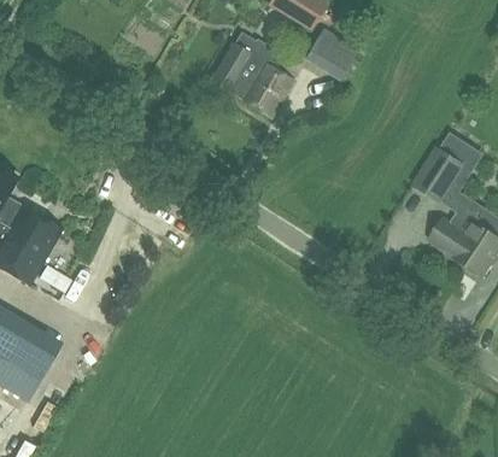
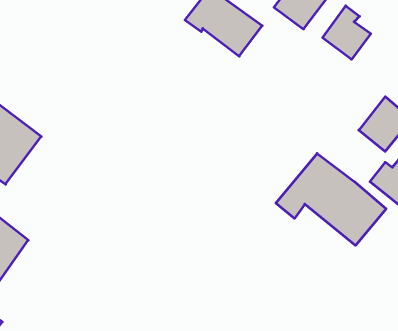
building: none -> [323,6,371,59]
building: none -> [276,153,386,245]

